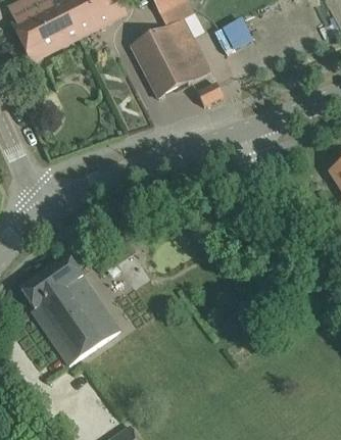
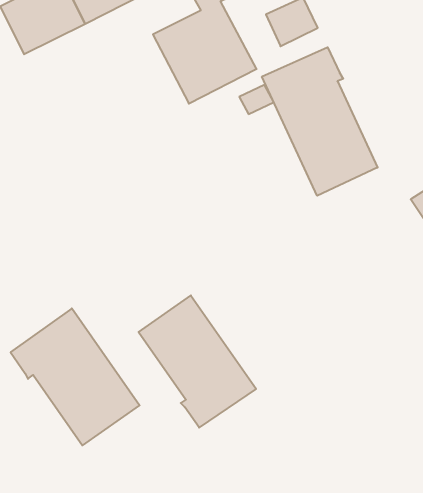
building: none -> [262,47,378,196]
building: none -> [139,295,256,428]

